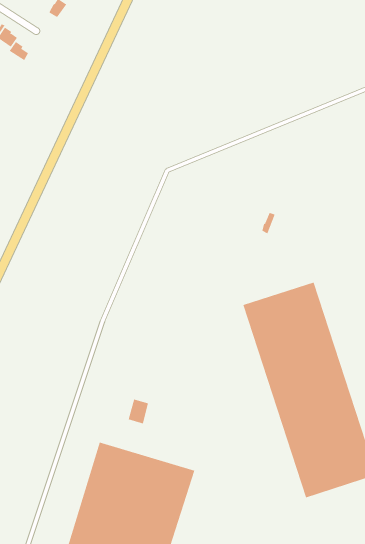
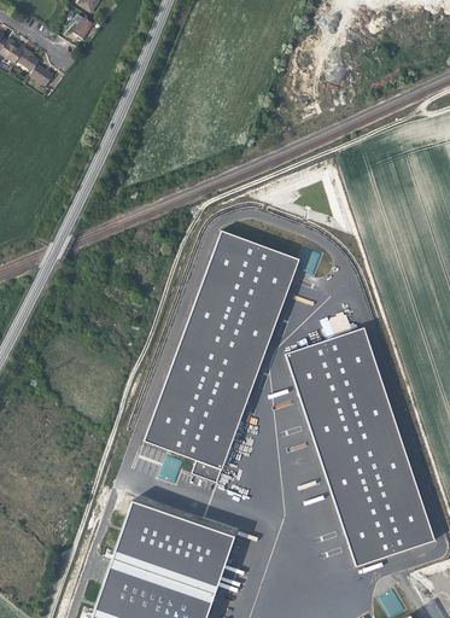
building: none -> [145,231,298,468]

